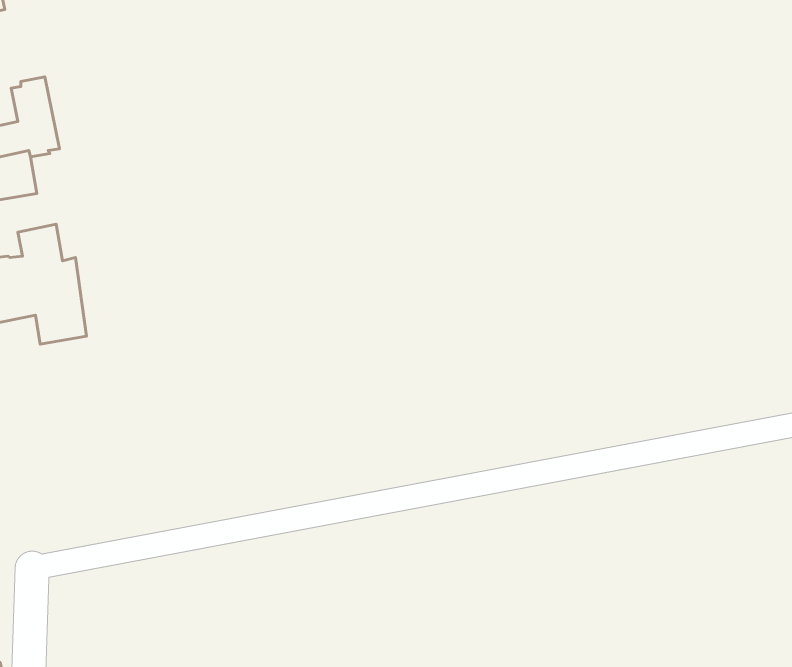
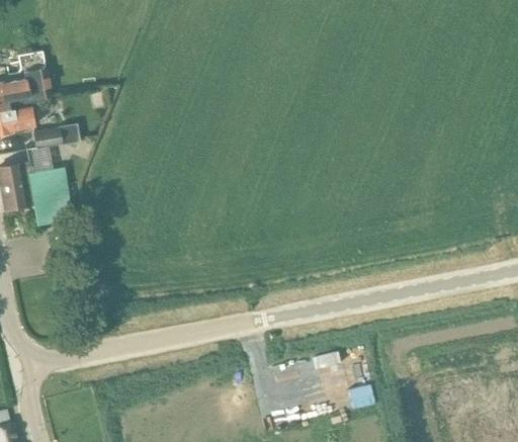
building: none -> [30,124,76,148]

